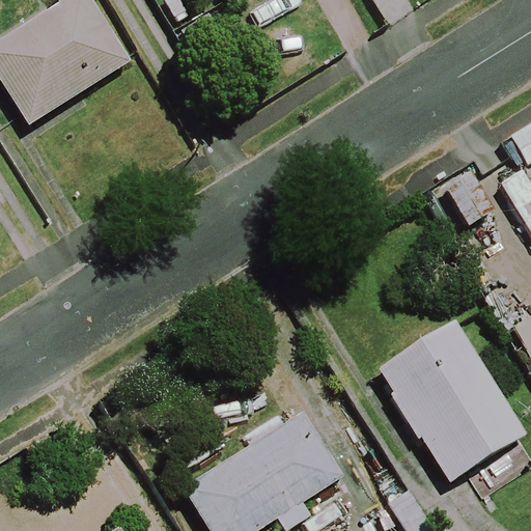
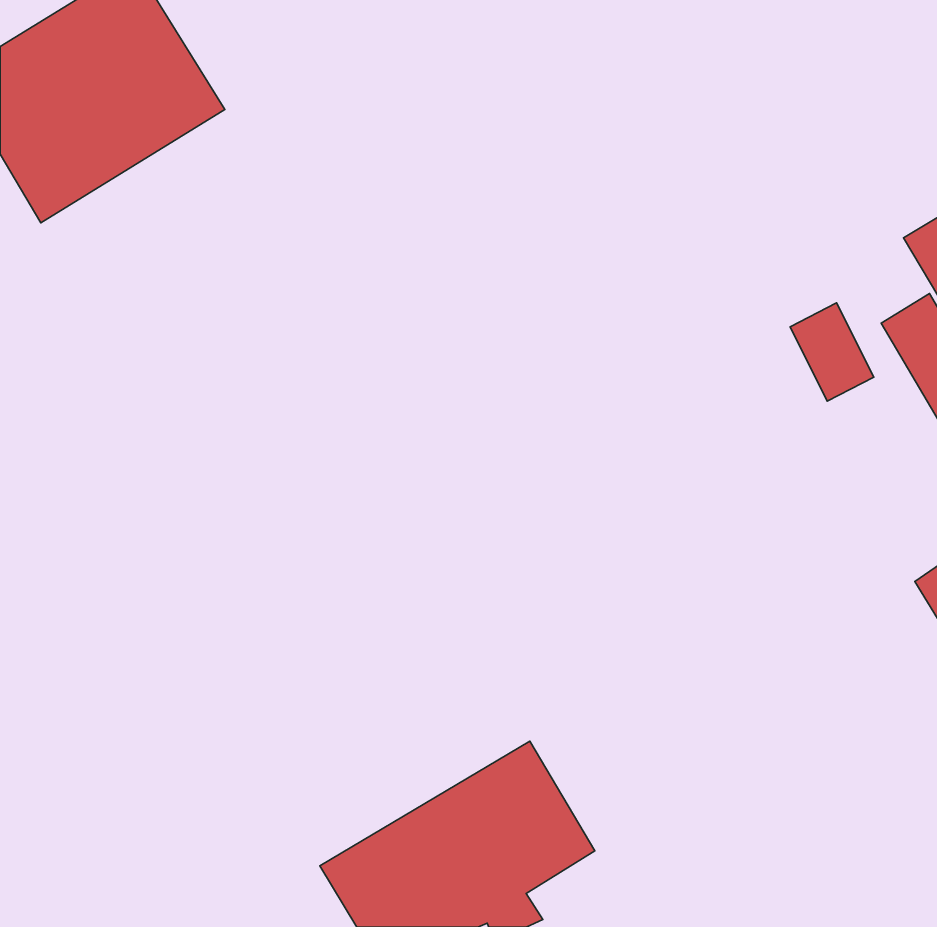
building: [380,324,523,479] -> none

